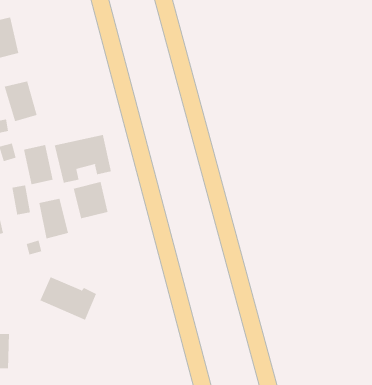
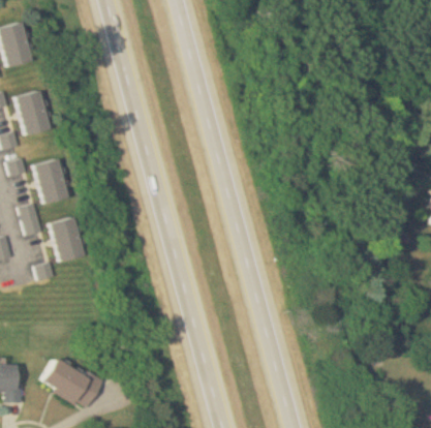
building: [54,134,111,183] -> none
building: [73,181,108,219] -> none
building: [40,277,97,320] -> [40,359,102,406]

